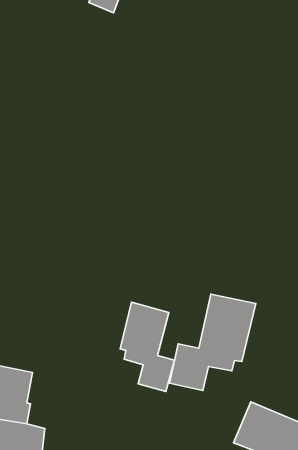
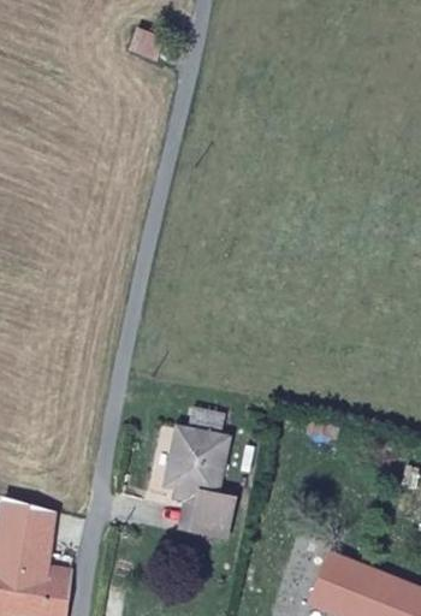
building: [169,294,256,390] -> none

